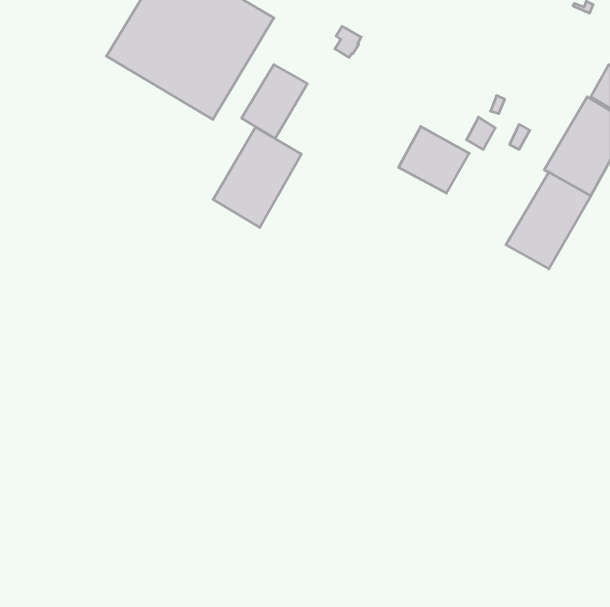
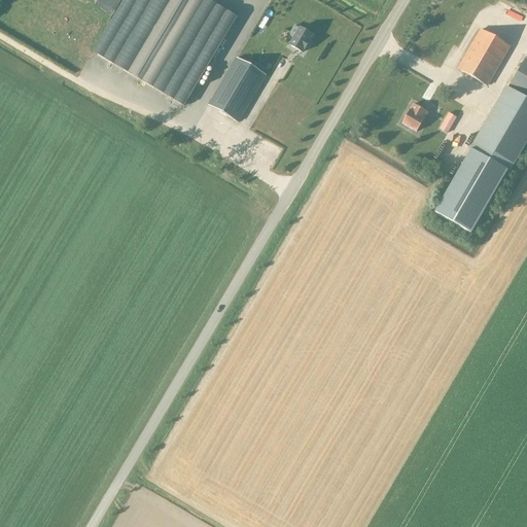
building: none -> [458,27,510,83]
building: [399,126,469,193] -> none
building: [213,127,301,228] -> none

